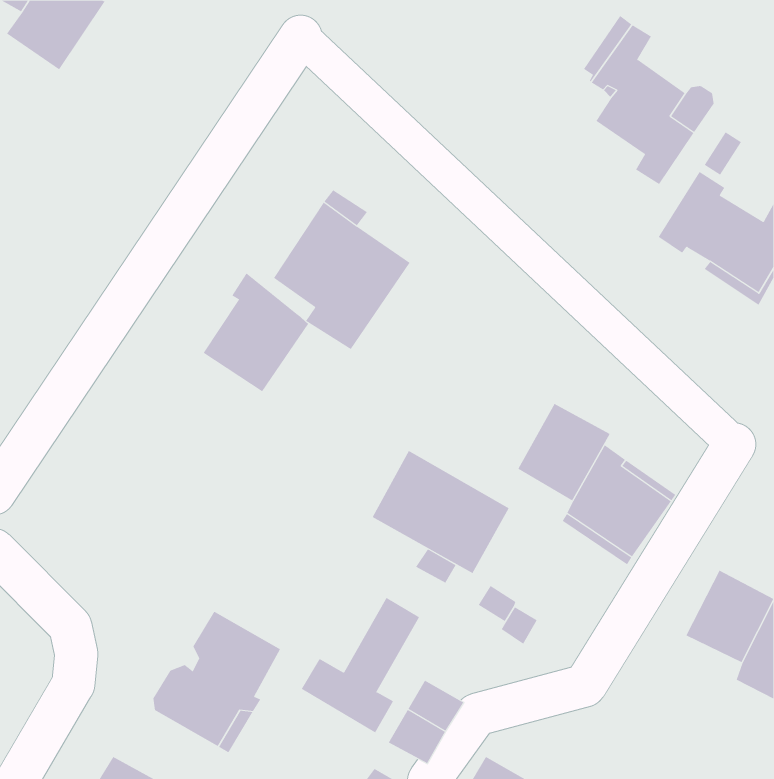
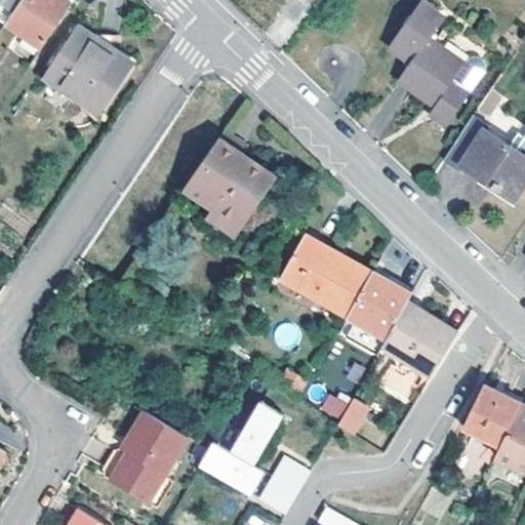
building: none -> [41,26,131,114]
building: [203,273,309,392] -> none
building: [372,450,509,574] -> [280,233,372,316]

